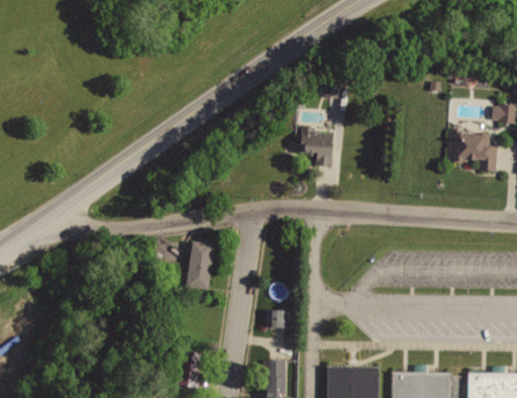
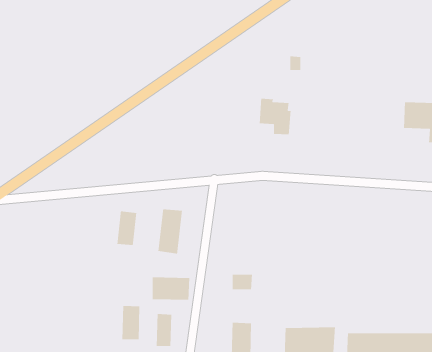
building: none -> [117,211,137,246]
building: none -> [152,276,190,301]
building: none -> [121,305,140,340]

